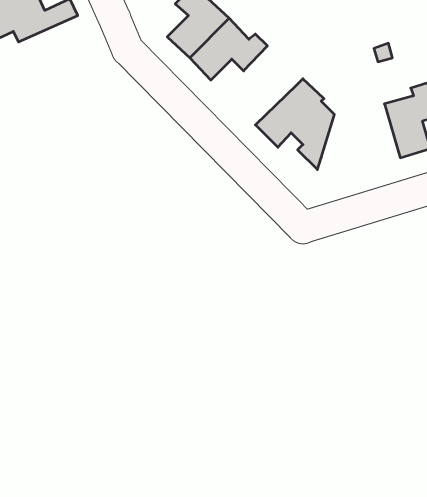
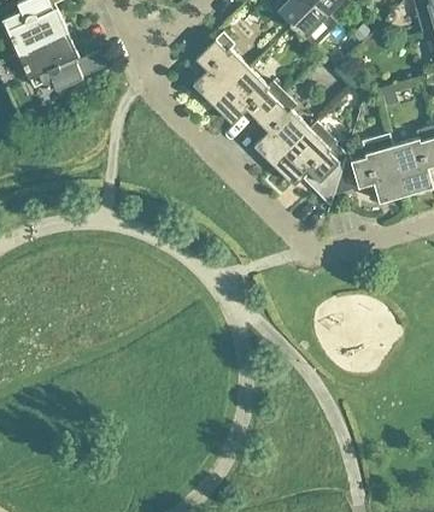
building: none -> [254,93,311,165]
building: none -> [334,134,406,202]

